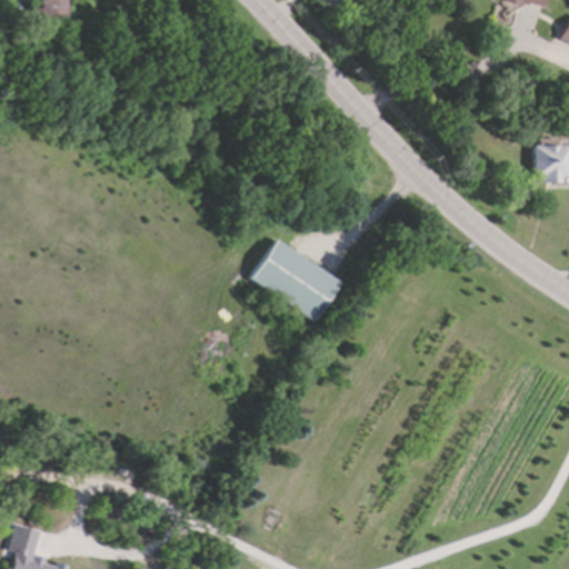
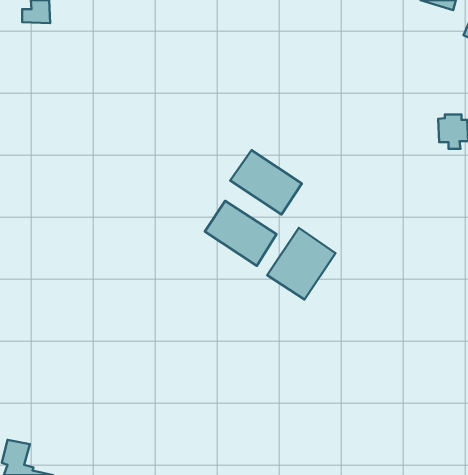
building: none -> [230,150,302,214]
building: none -> [267,228,335,300]

